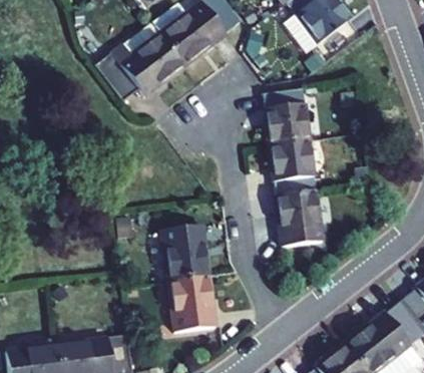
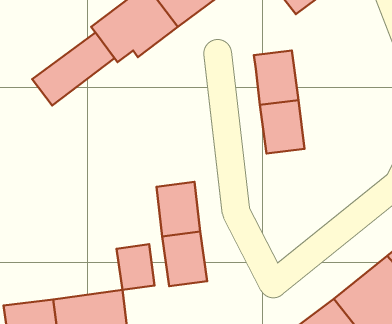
building: none -> [32,33,115,105]
building: [277,190,323,246] -> none
building: none -> [116,244,154,290]

